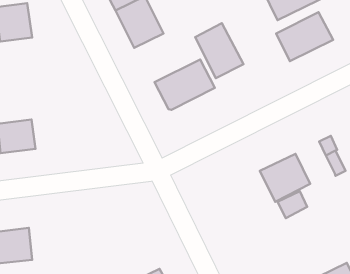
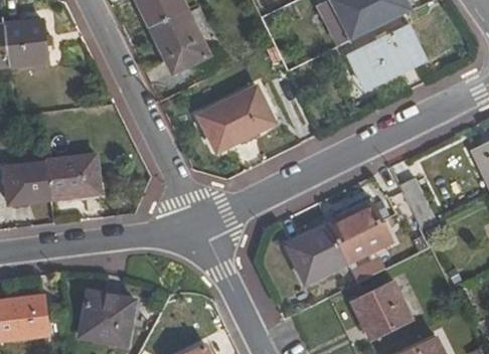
building: [195,23,244,78] -> none
building: none -> [46,154,100,198]
building: none -> [286,225,347,284]
building: none -> [351,282,414,340]
building: none -> [78,293,133,347]

